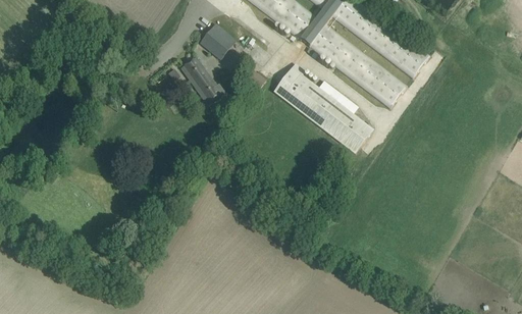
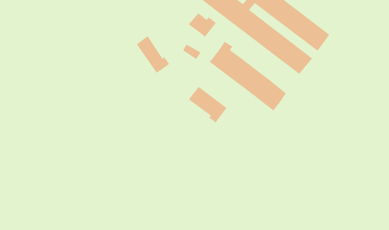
building: [199,27,236,59] -> [188,12,217,38]
building: none -> [188,86,228,124]

